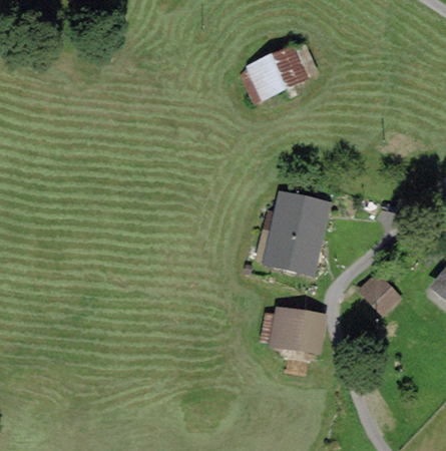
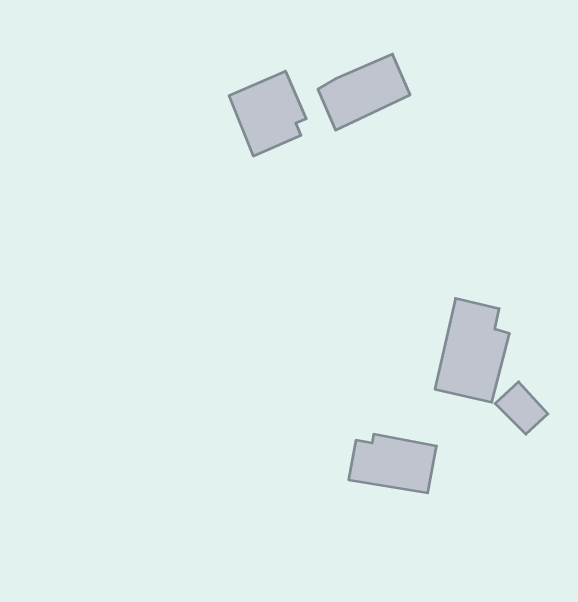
building: none -> [229,71,306,156]
building: [272,198,323,270] -> [435,298,510,402]

